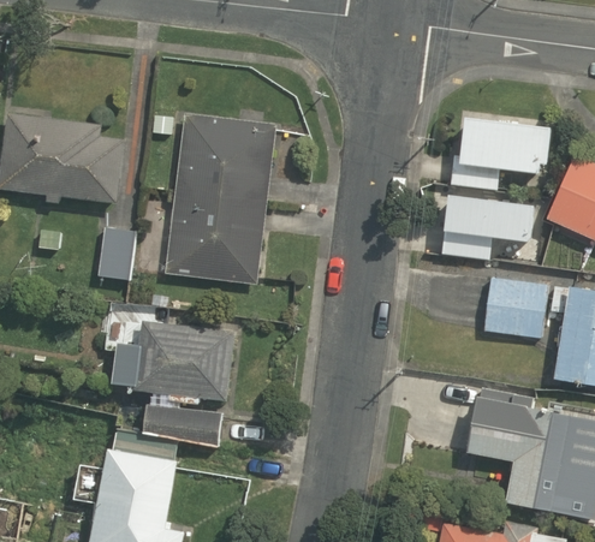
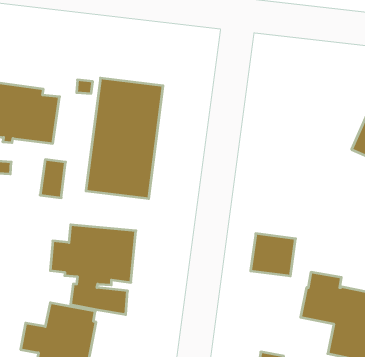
building: [450,119,552,191] -> none
building: [440,195,535,261] -> none
building: [484,280,548,340] -> [251,234,296,276]

